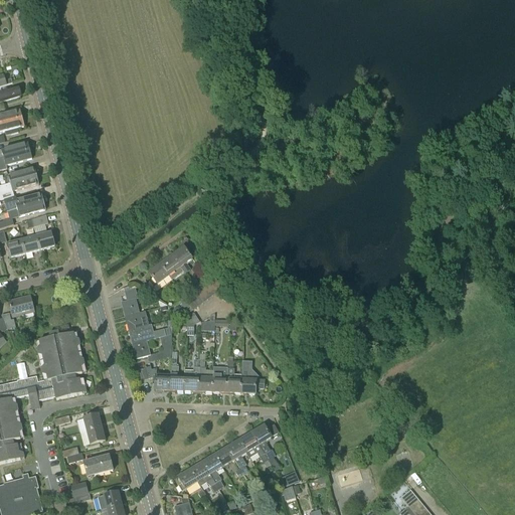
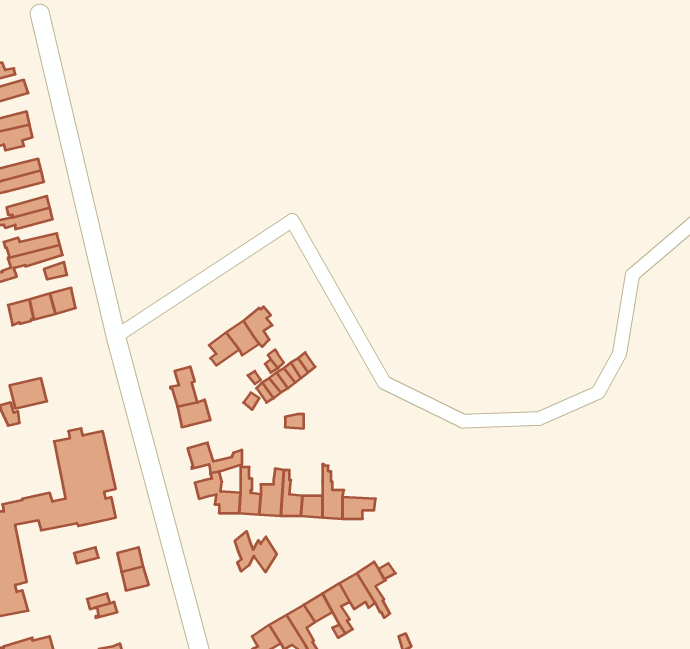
building: [128,322,170,343] -> none
building: none -> [235,531,277,572]
building: [82,454,112,475] -> none

